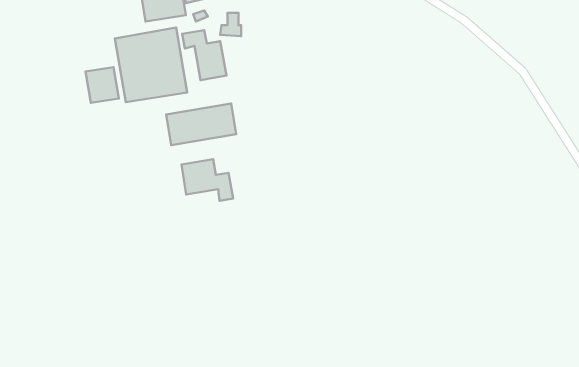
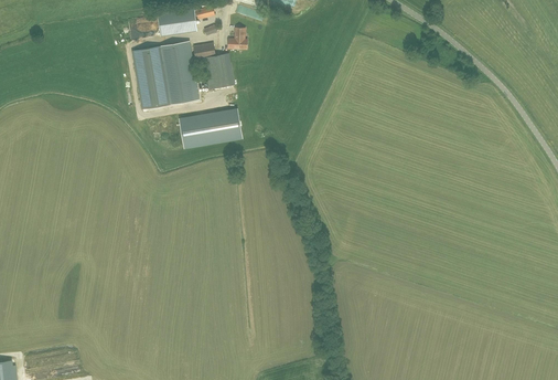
building: [86,67,119,103] -> none
building: [181,159,233,201] -> none

